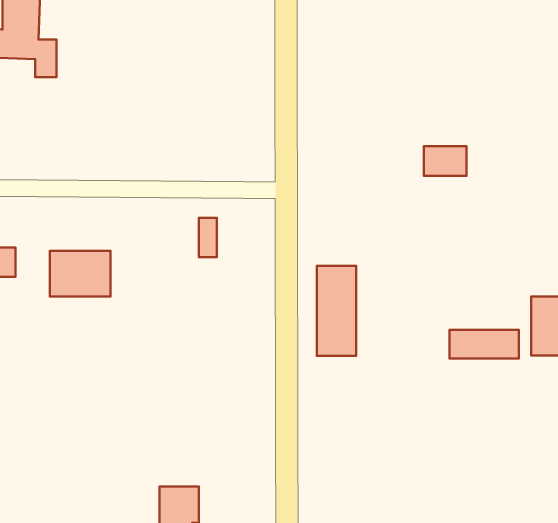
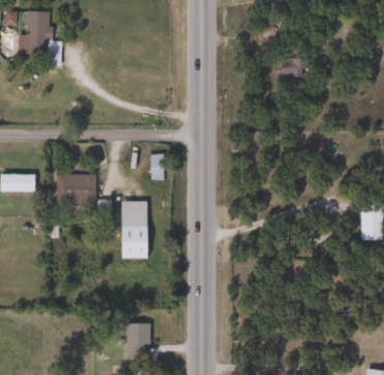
building: [424,146,467,176] -> [281,58,308,76]
building: [317,266,356,356] -> [123,201,148,258]
building: [449,330,519,359] -> none

